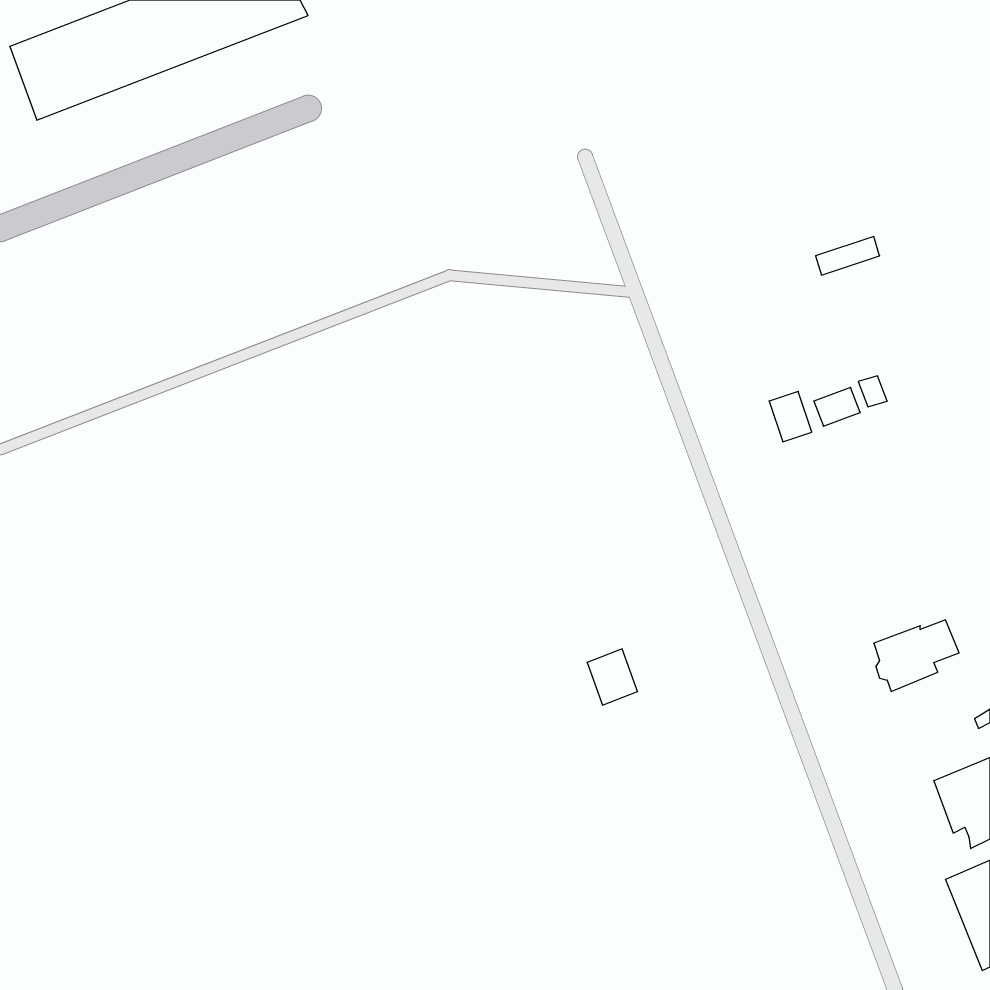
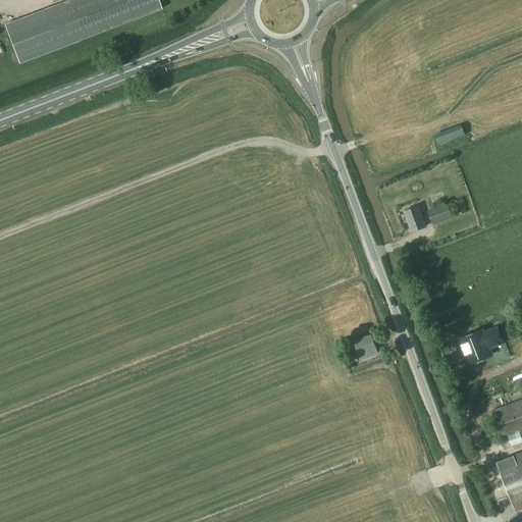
building: [587,649,638,705] -> [353,332,379,362]

